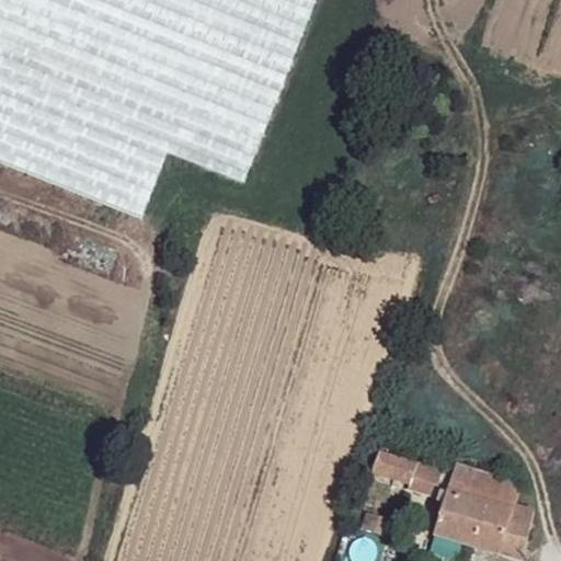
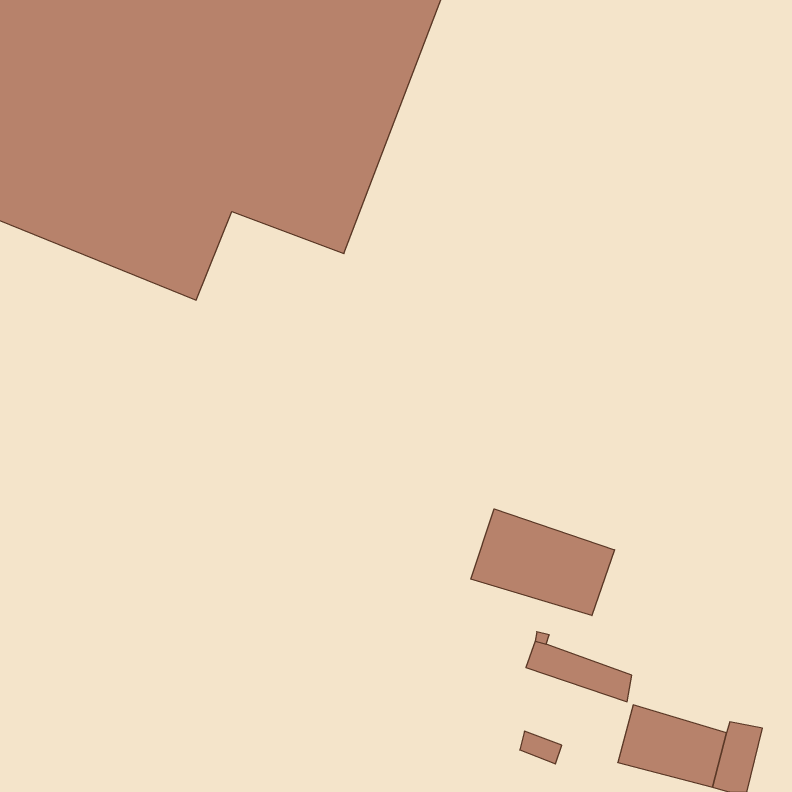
building: none -> [471,509,615,616]
building: [446,469,520,516] -> none

